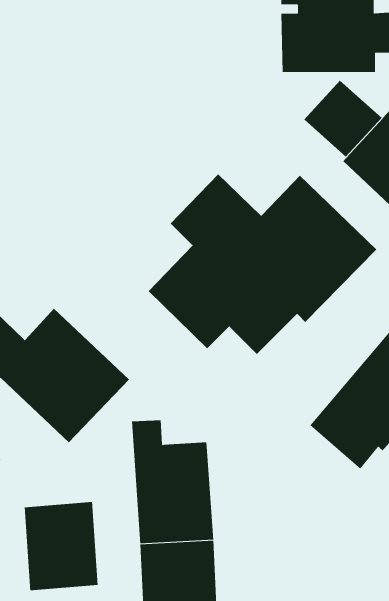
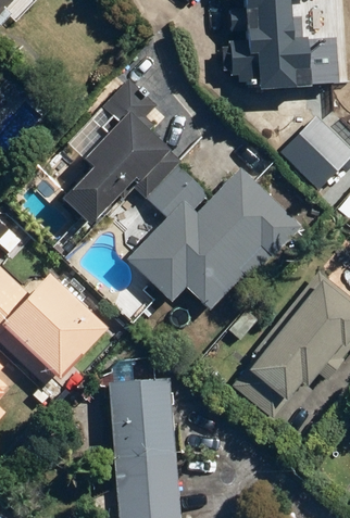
building: none -> [59,81,185,227]
building: [303,80,382,158] -> none
building: [24,501,98,591] -> none

